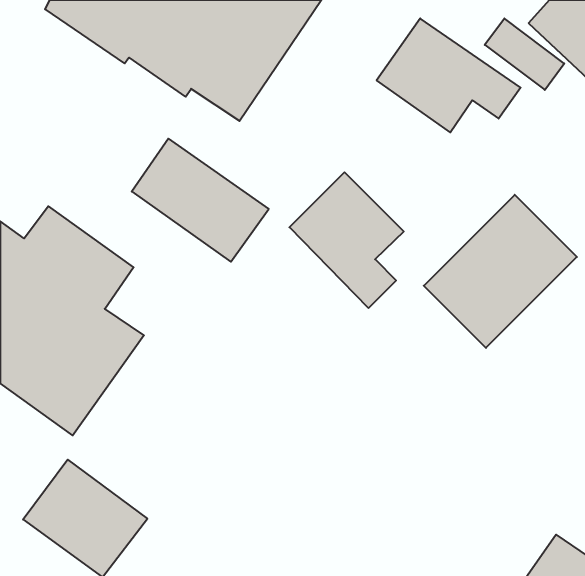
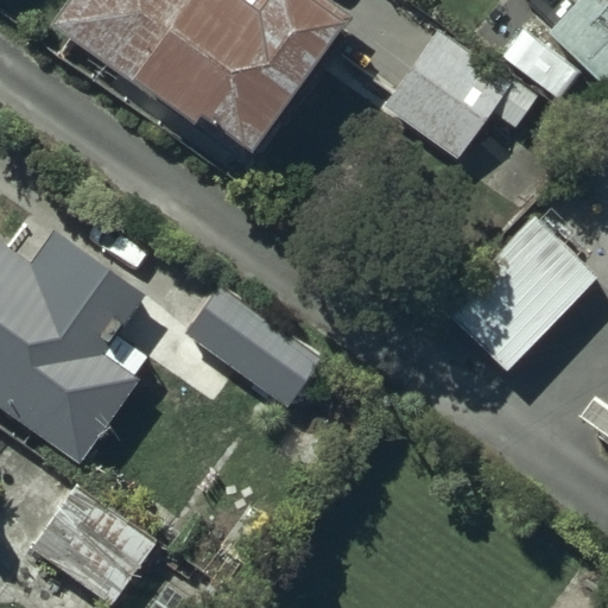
building: [132,139,269,262] -> [179,287,321,414]
building: [289,172,404,308] -> none

